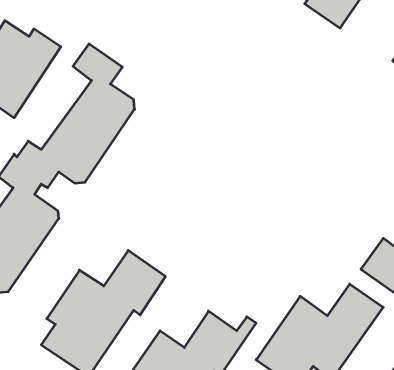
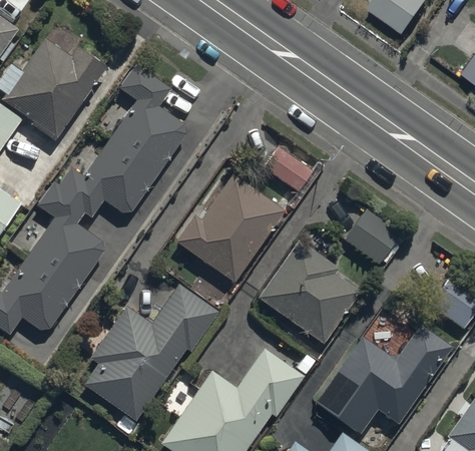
building: none -> [260,142,315,194]
building: none -> [175,171,285,283]
building: none -> [344,209,406,266]
building: none -> [257,241,360,344]

